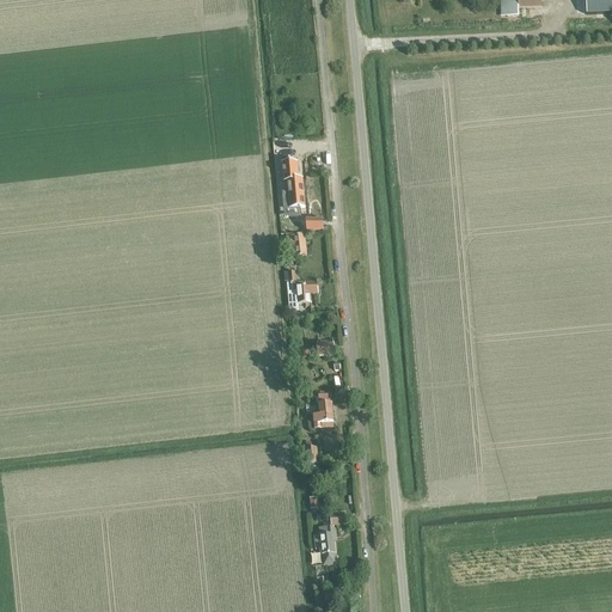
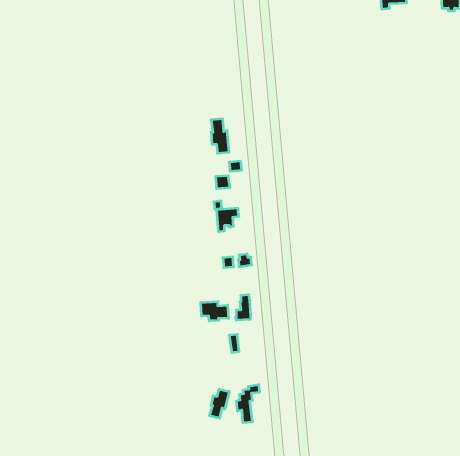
building: none -> [201,302,228,321]
building: none -> [210,389,229,418]

